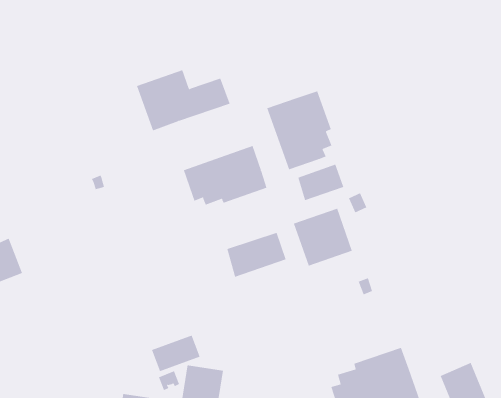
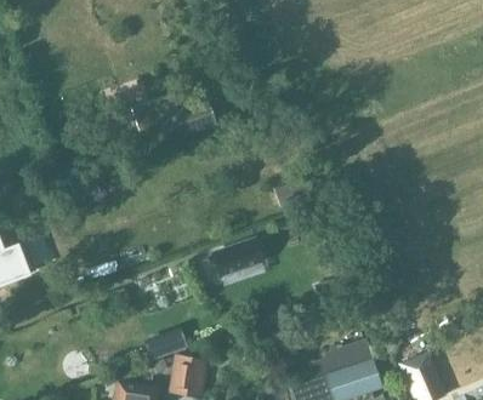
building: [267,90,332,170] -> none
building: [183,145,267,205] -> none
building: [293,208,353,266] -> none

